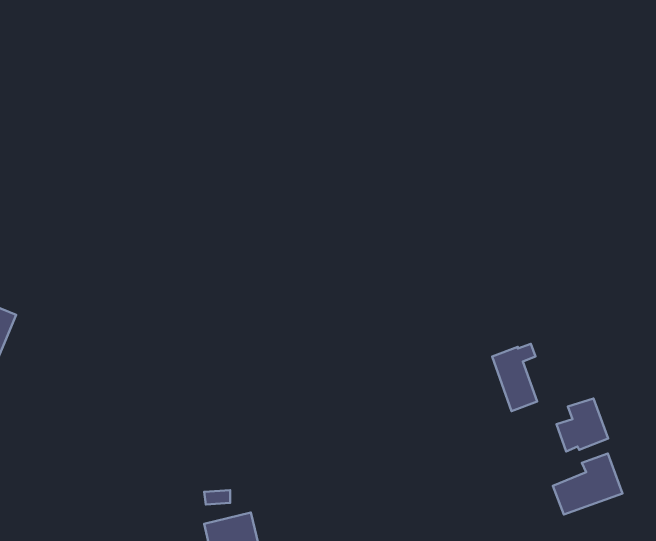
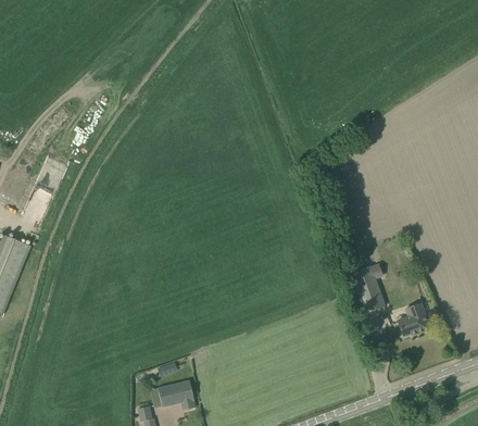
building: [553,453,622,515] -> none

